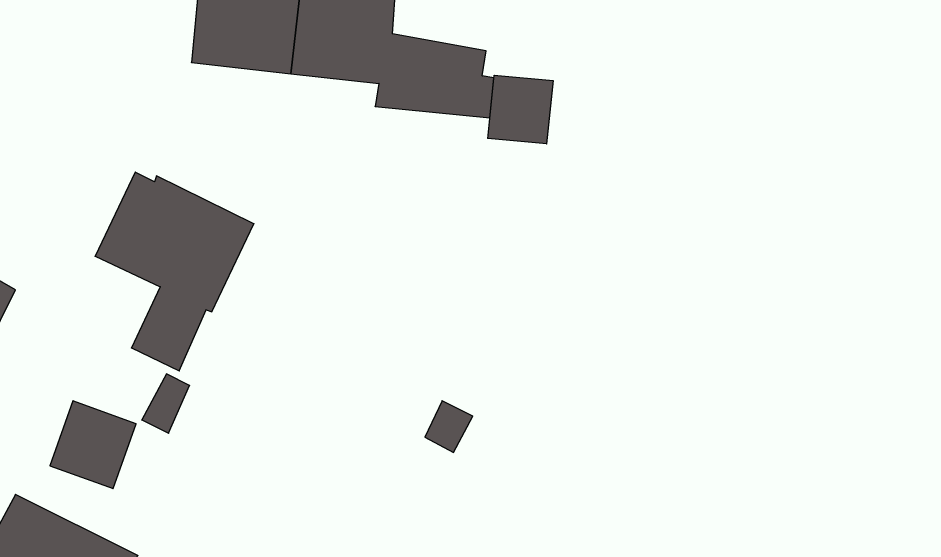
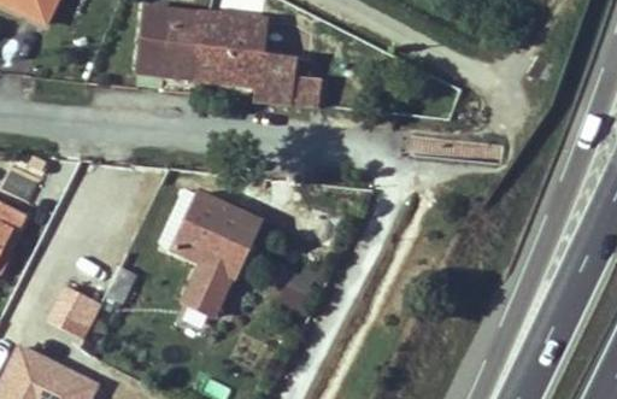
building: [488,75,553,144] -> none
building: [95,172,254,371] -> [159,188,259,313]

